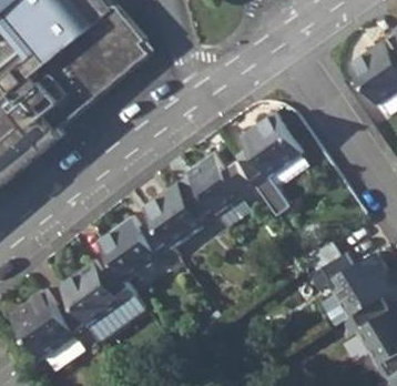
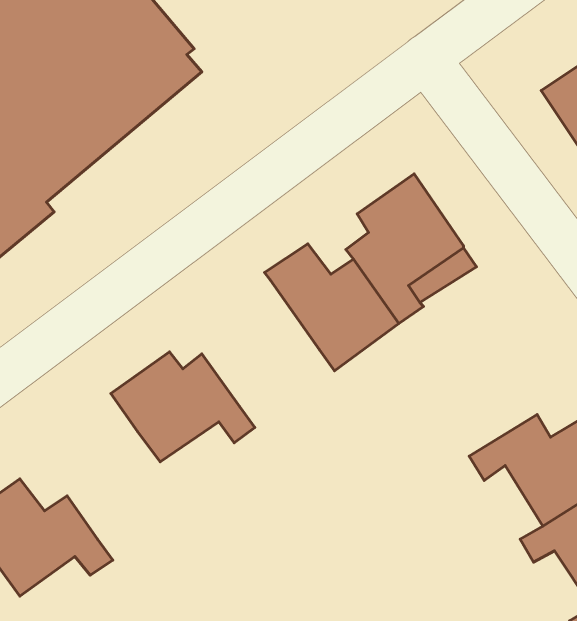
building: [143,174,228,248] -> none
building: [60,261,144,326] -> none

